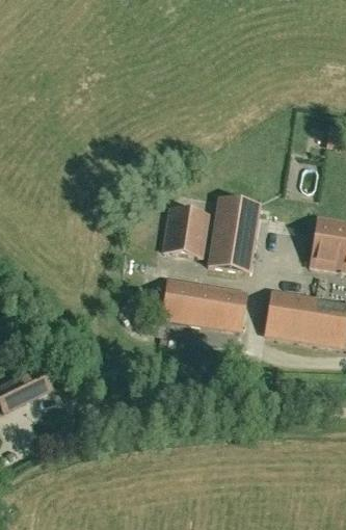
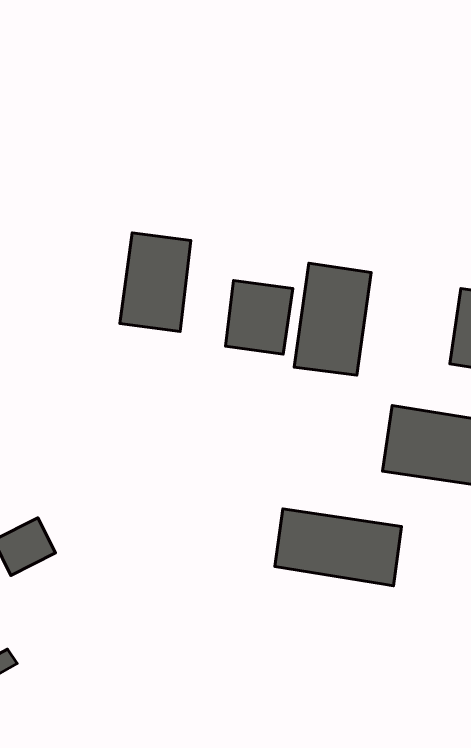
building: none -> [120,233,191,332]
building: [163,281,245,330] -> [275,509,401,586]

